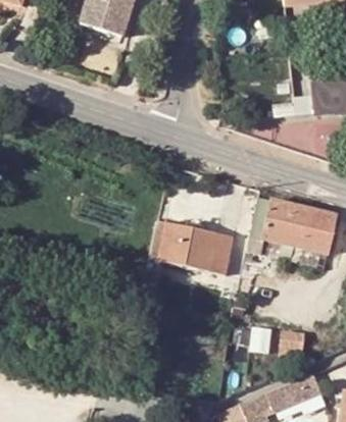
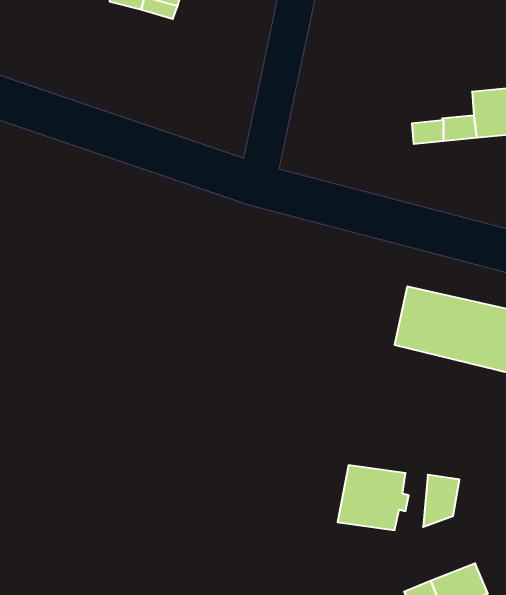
building: [161,223,237,275] -> none

